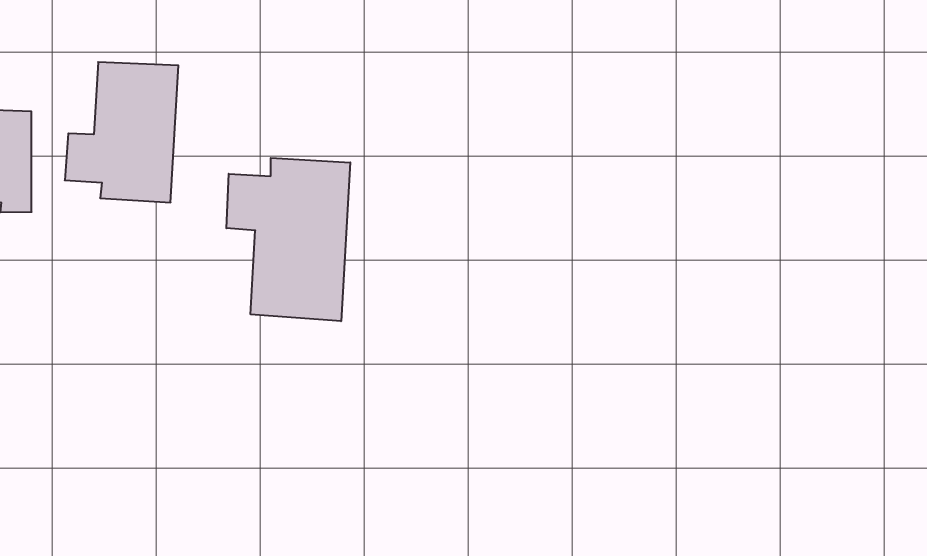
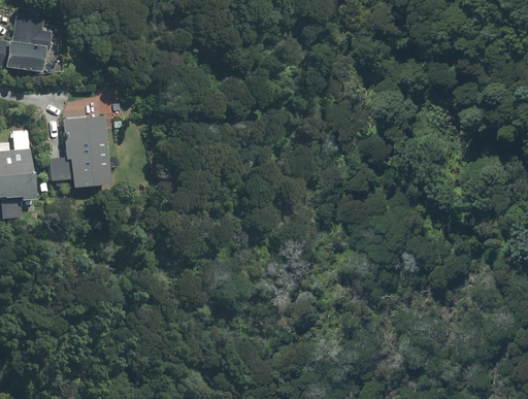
building: [226,158,350,321] -> none

